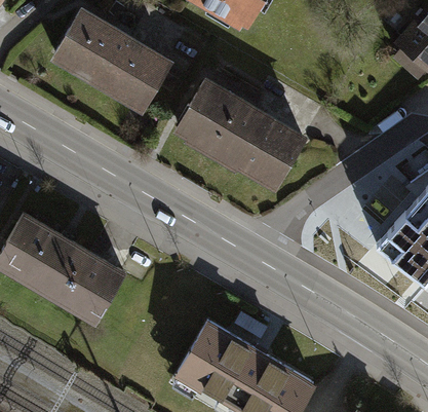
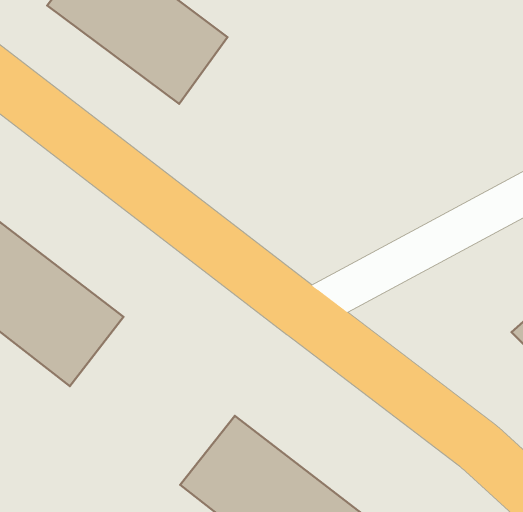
building: [176,88,298,190] -> none

